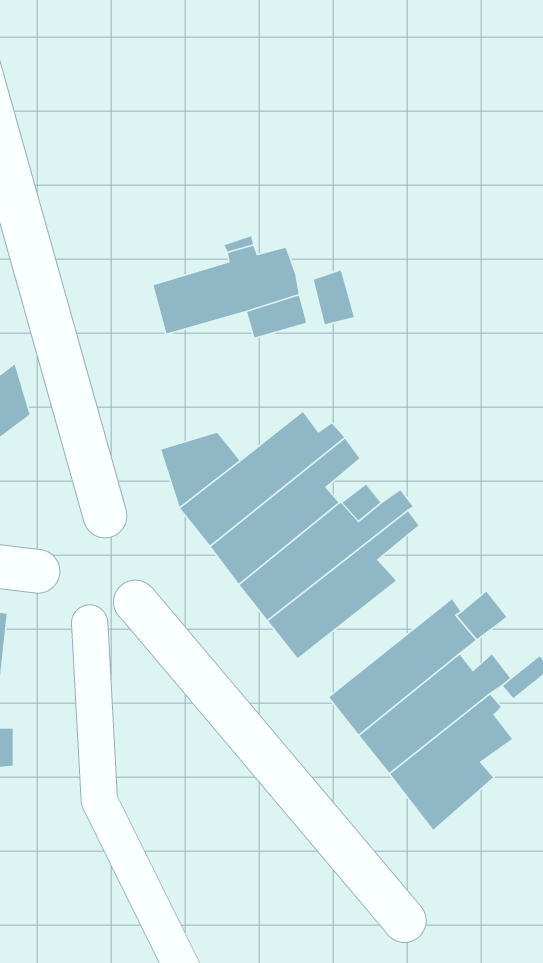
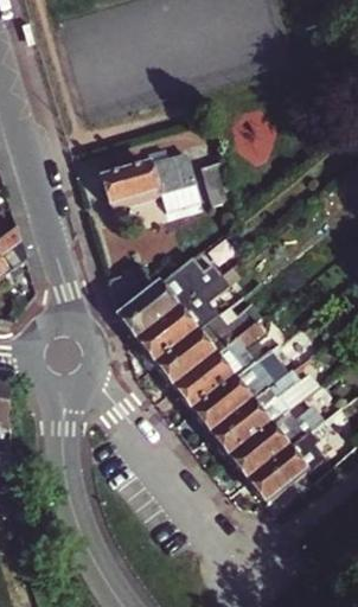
building: none -> [193,350,289,434]

